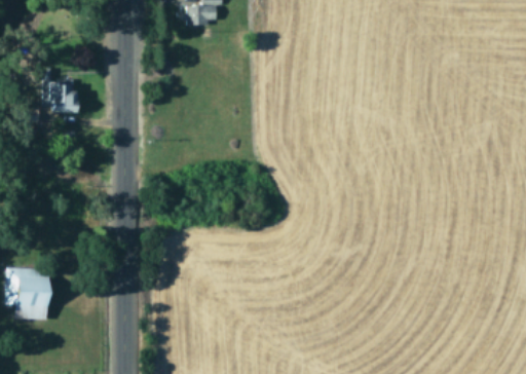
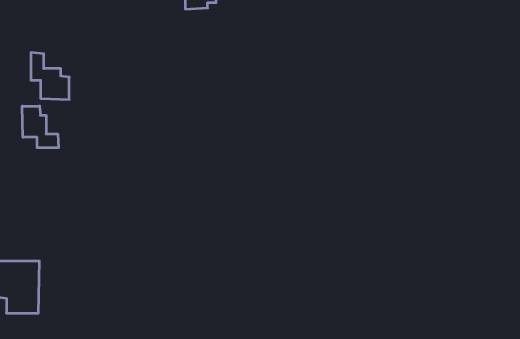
building: none -> [22,106,59,148]

